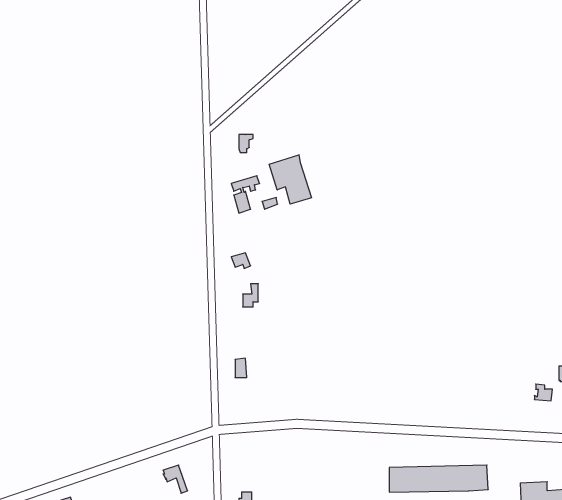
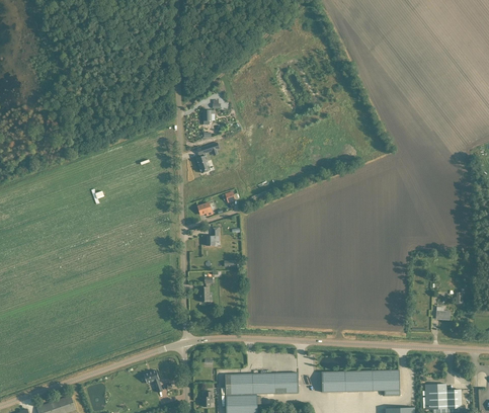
building: [269,155,312,204] -> none
building: none -> [225,373,298,394]

